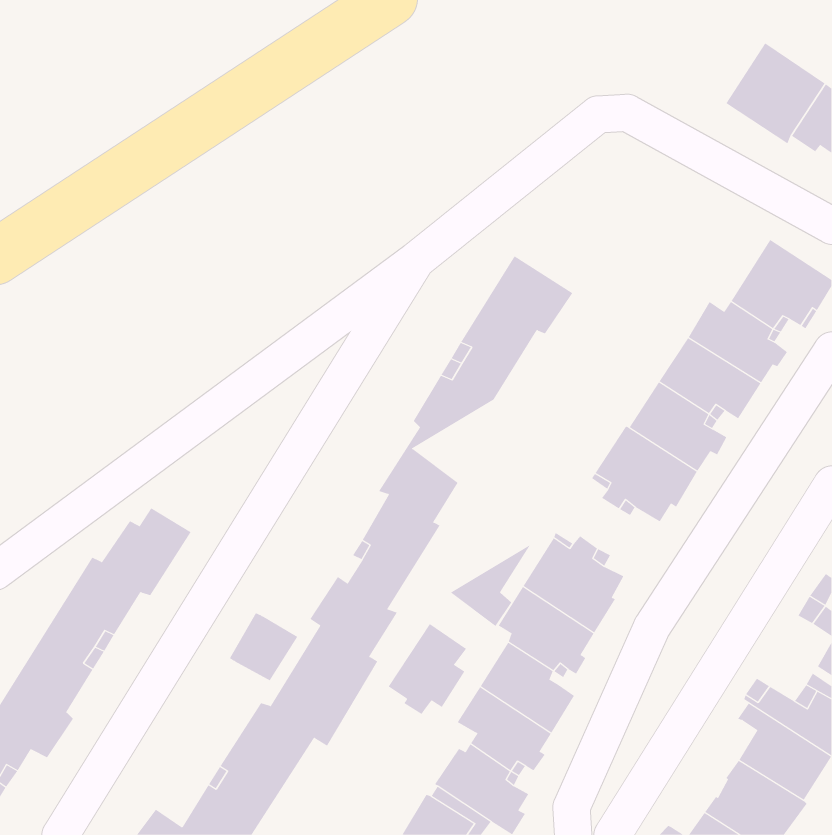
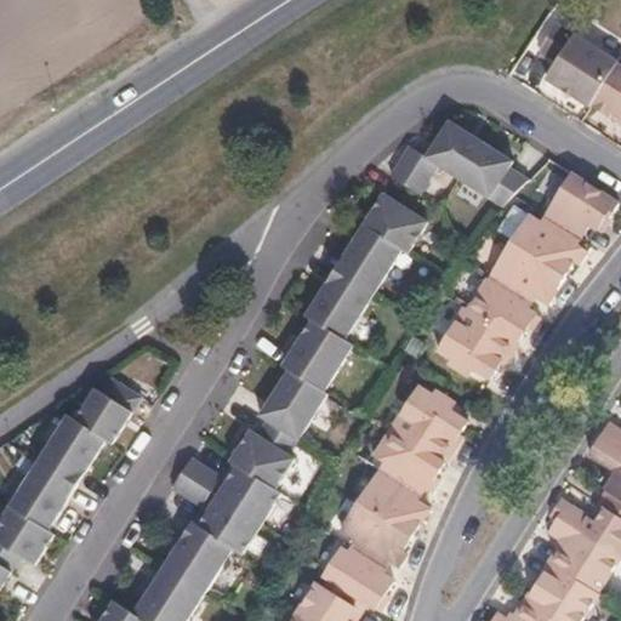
building: none -> [389,115,528,200]
building: [450,543,532,627] -> [306,296,366,358]
building: [388,623,467,715] -> none

